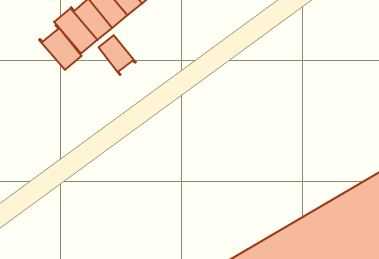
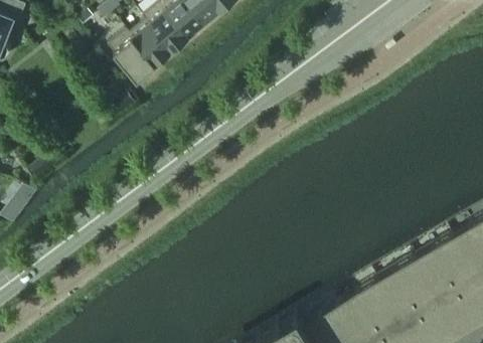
building: [39,25,82,70] -> none
building: [99,35,136,75] -> none

